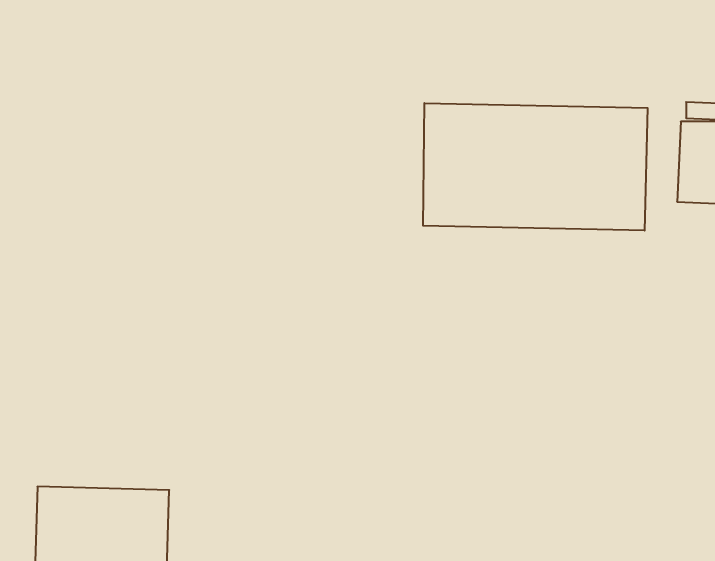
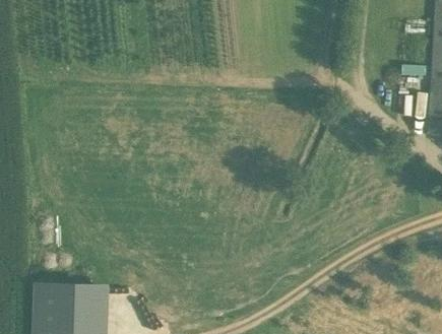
building: [423,103,648,231] -> none

